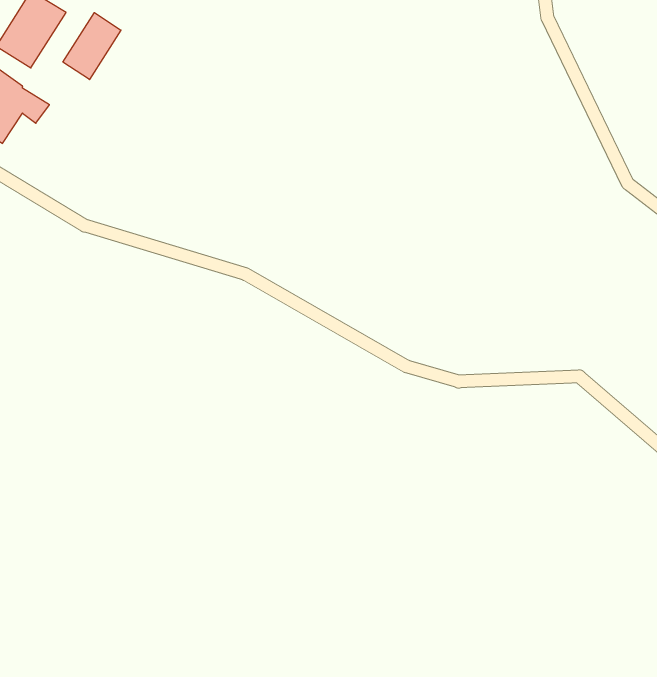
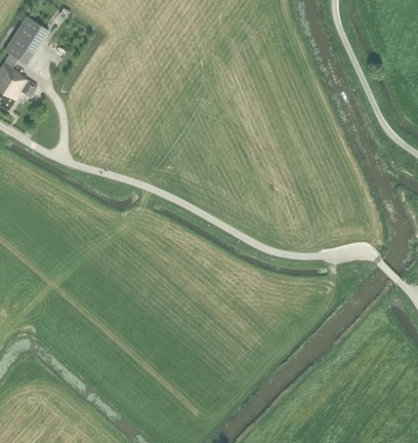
building: [63,13,121,80] -> none

